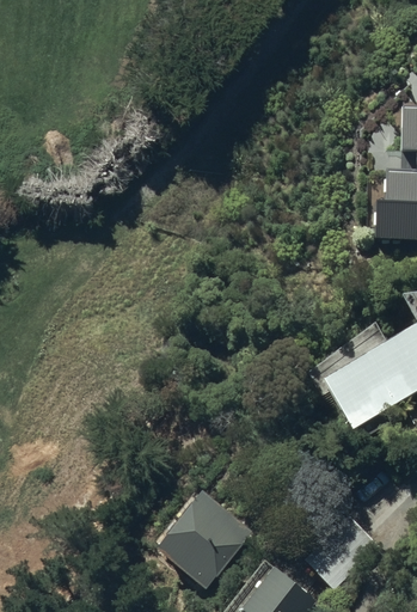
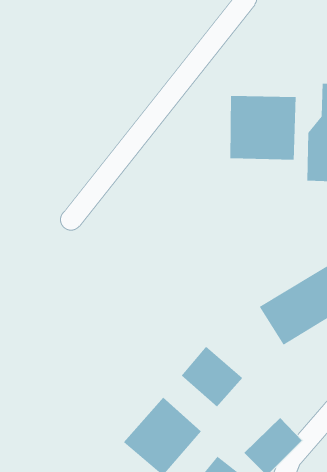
building: none -> [230,95,296,160]
building: none -> [181,346,243,407]

